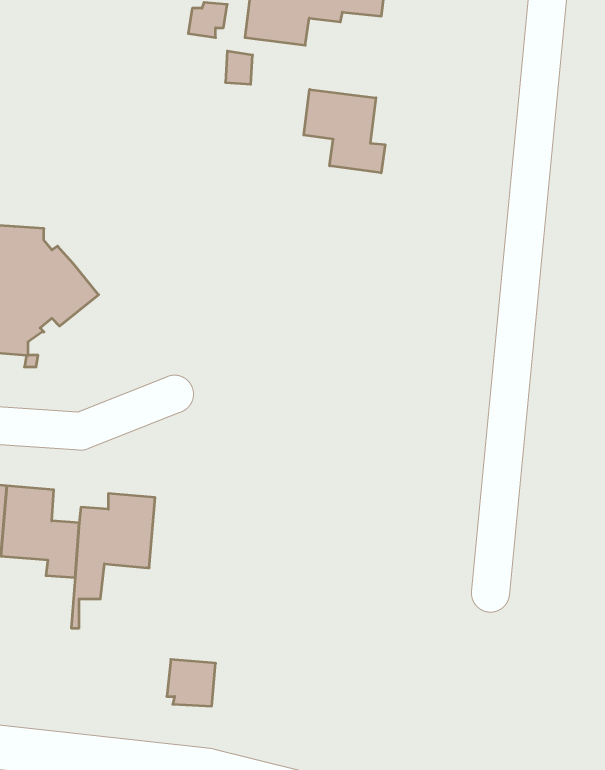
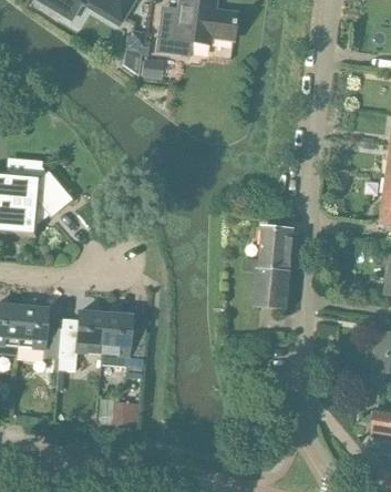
building: [304,89,385,173] -> none
building: none -> [244,225,295,308]
building: none -> [99,312,146,378]

